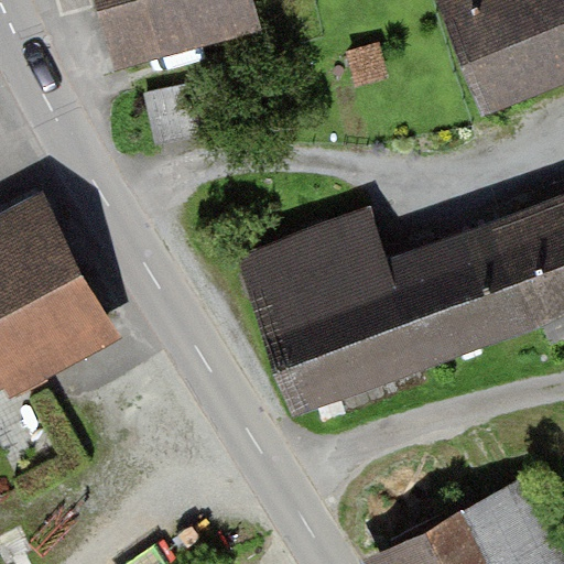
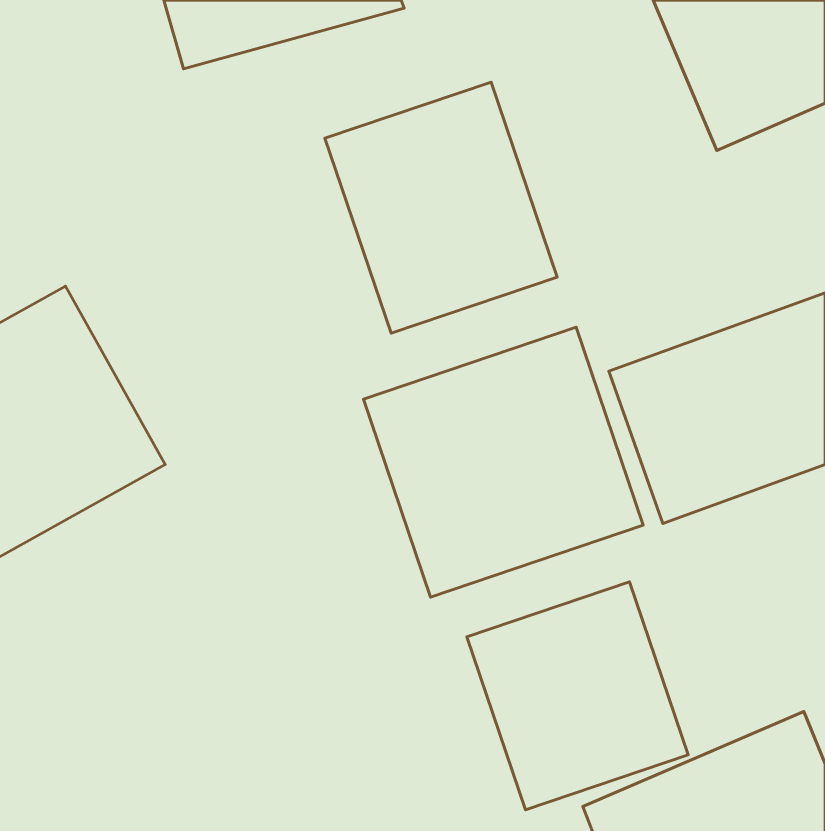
building: none -> [325,82,557,333]
building: none -> [467,582,688,810]

